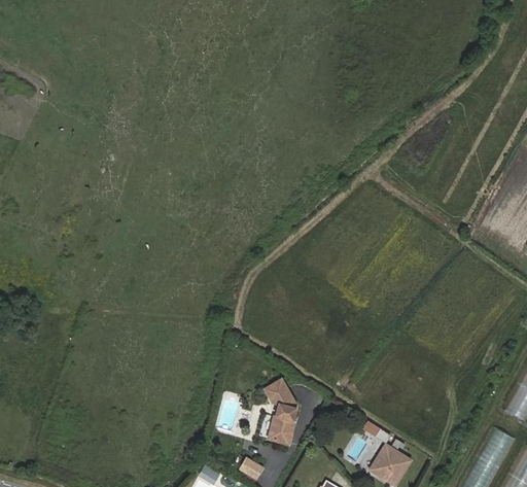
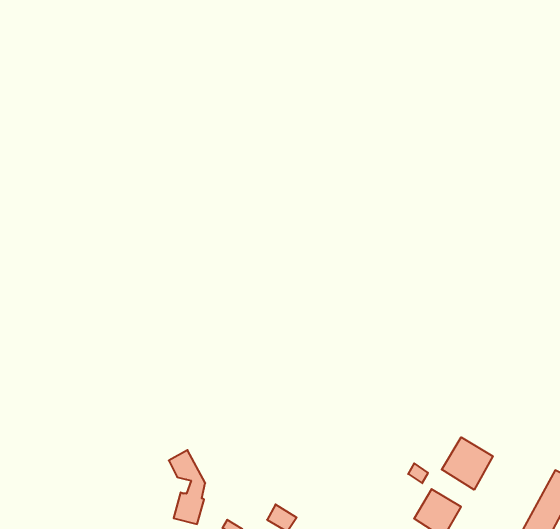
building: [265,380,296,445] -> [169,450,205,524]
building: none -> [442,437,493,490]

